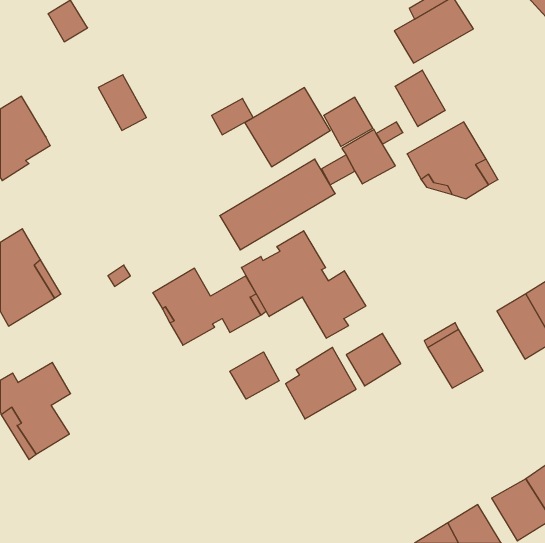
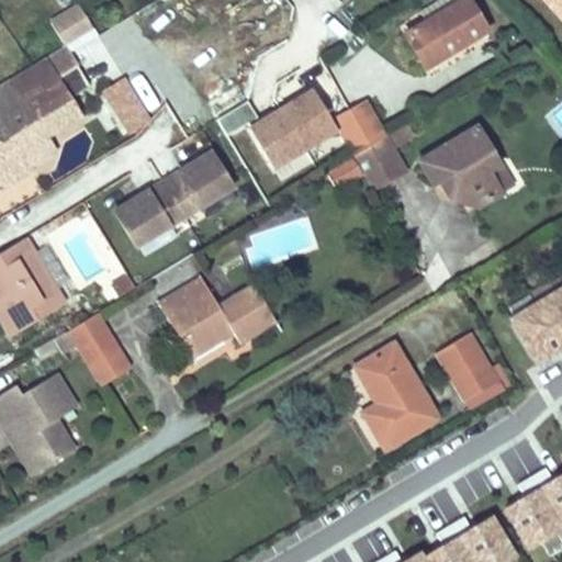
building: none -> [11,45,93,140]
building: [395,70,445,127] -> none
building: [220,159,335,250] -> [115,150,234,244]
building: [241,231,366,338] -> none
building: none -> [69,312,127,381]
building: [286,347,356,419] -> [364,373,437,447]
building: [230,352,279,399] -> none

